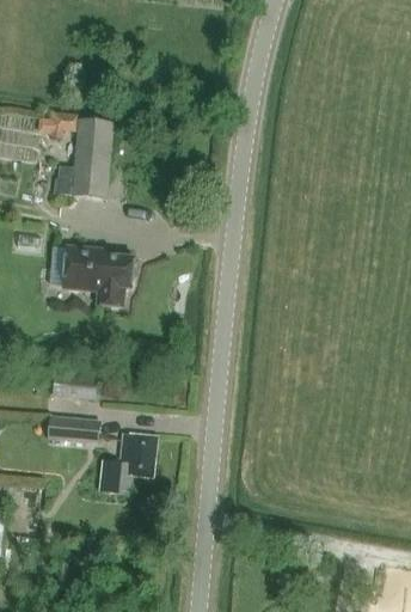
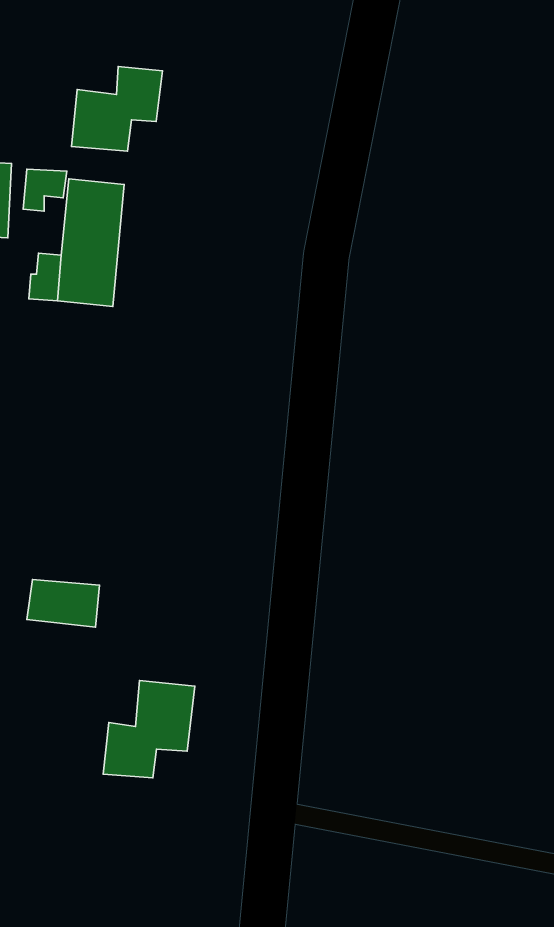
building: none -> [72,67,162,151]
building: [62,246,135,307] -> none
building: [47,415,99,443] -> none

